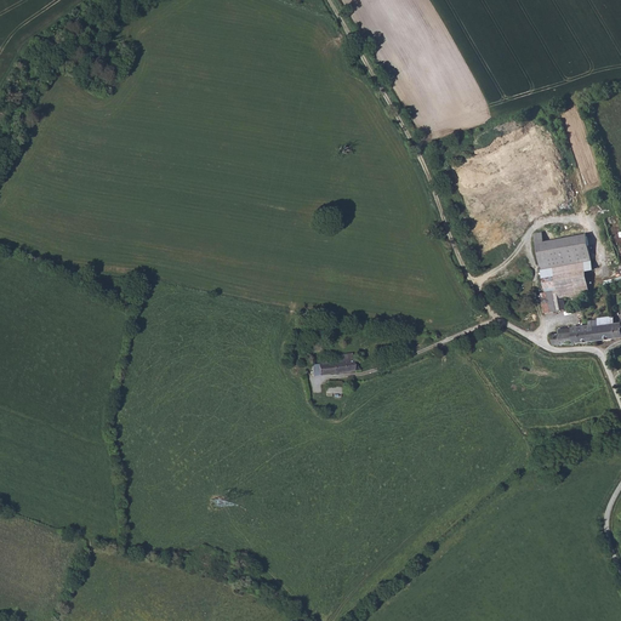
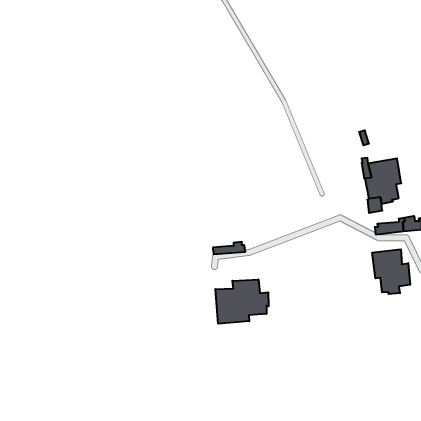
building: none -> [372,249,410,294]
building: none -> [215,279,269,324]

